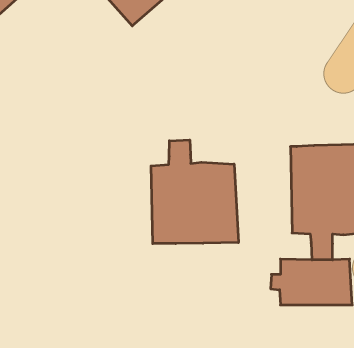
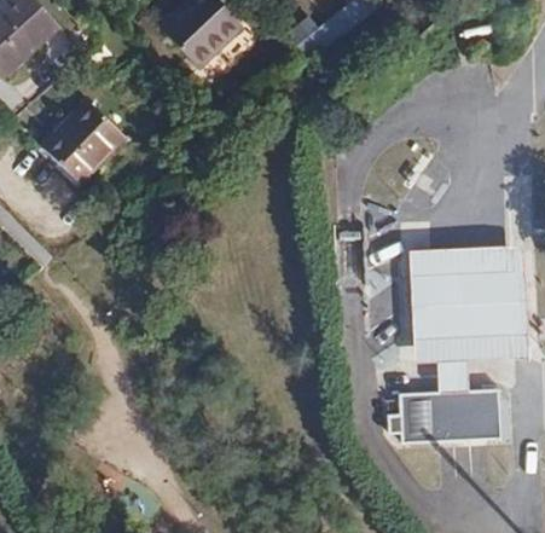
building: none -> [39,100,121,185]
building: [151,140,238,244] -> none

